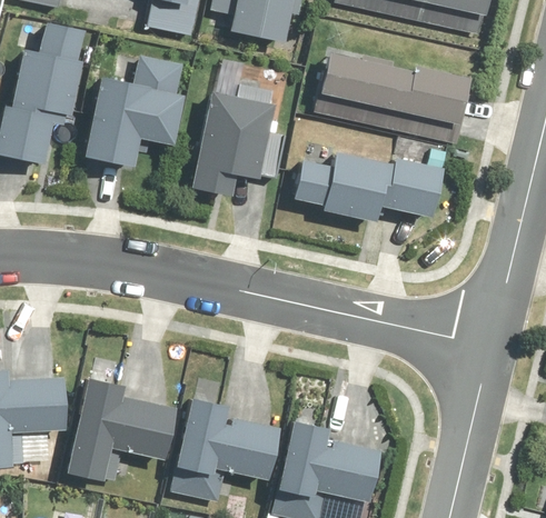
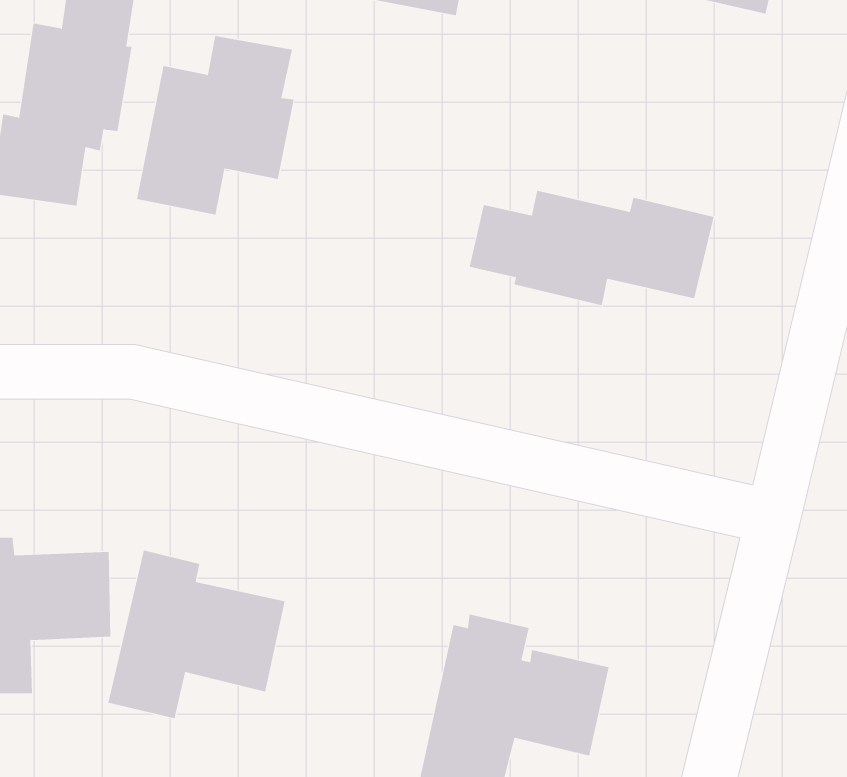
building: [310,48,473,147] -> none
building: [191,88,282,195] -> none
building: [160,391,281,510] -> none

